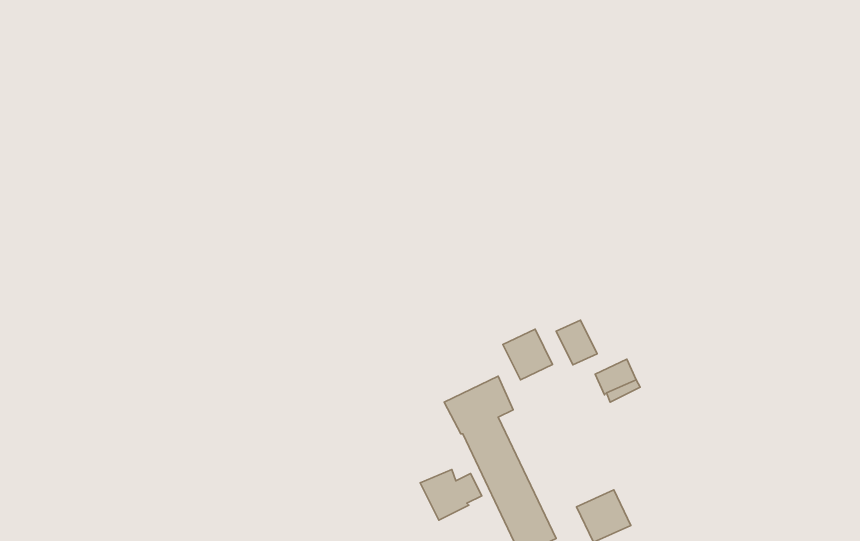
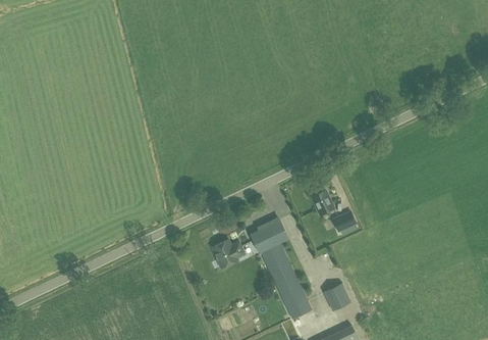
building: [503,329,553,380] -> none
building: [420,470,482,520] -> [211,239,245,266]

